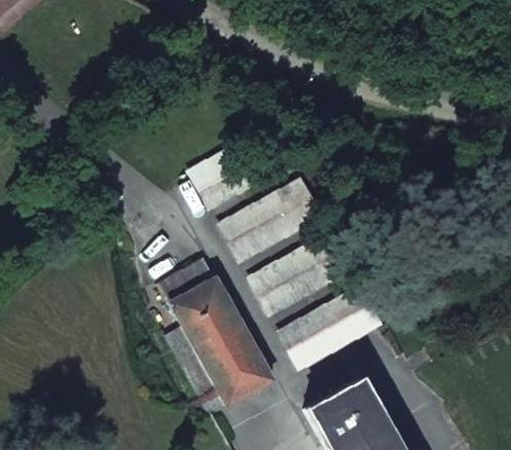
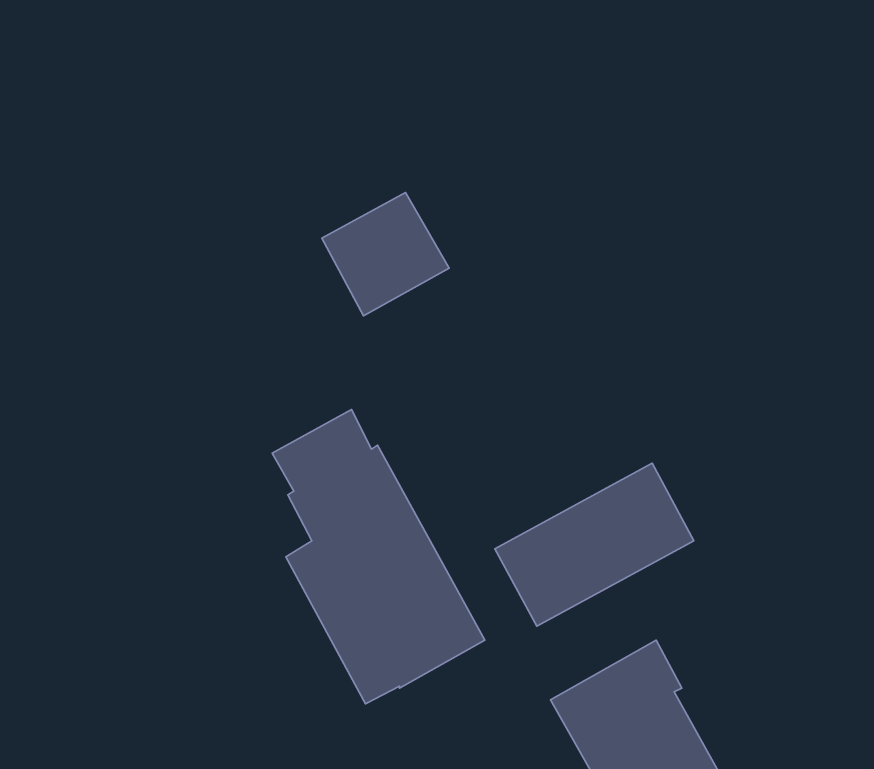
building: [218,178,321,264] -> none
building: [248,231,352,317] -> none

